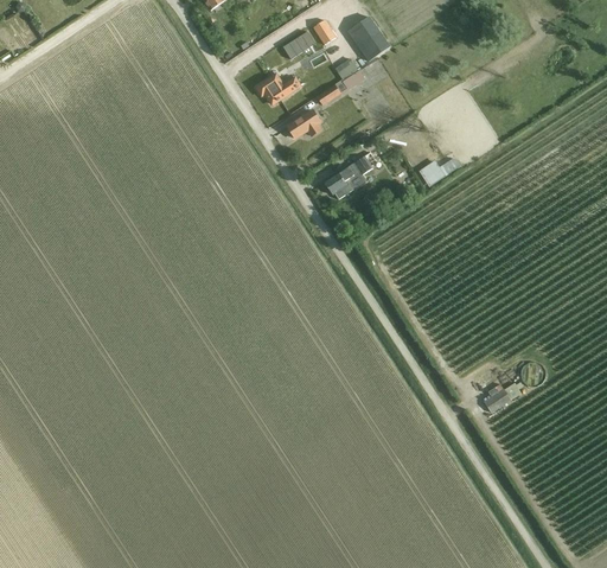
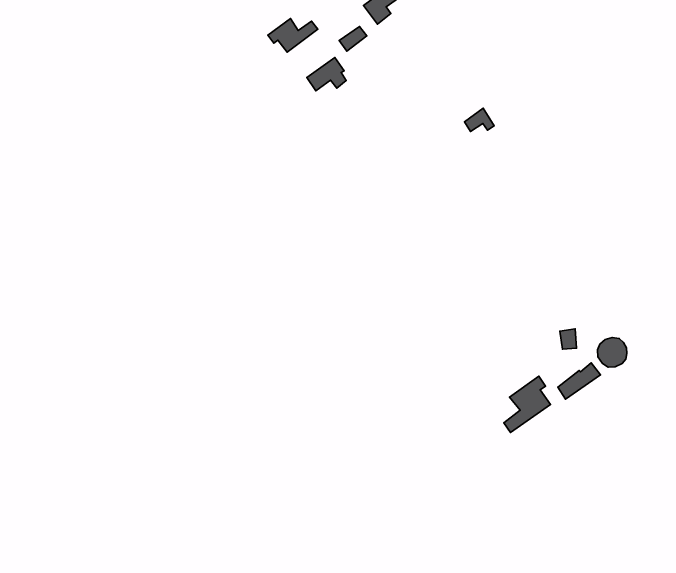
building: [324,155,370,197] -> none
building: none -> [504,376,550,433]

